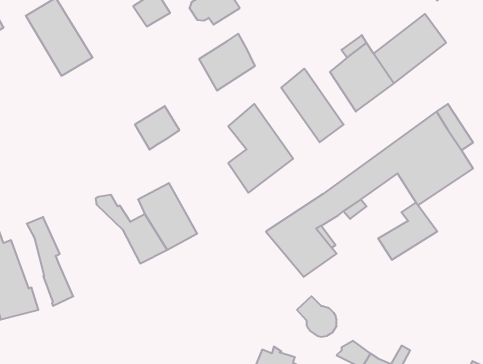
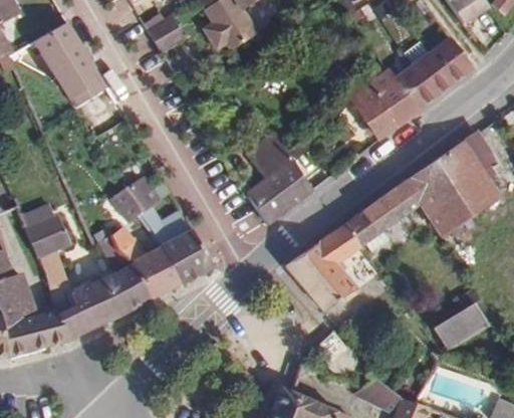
building: [199,34,255,91] -> none
building: [281,69,344,142] -> none
building: [135,106,179,150] -> [114,175,161,220]
building: none -> [21,204,68,256]
building: [378,203,437,260] -> [434,289,495,349]
building: none -> [70,236,155,332]

